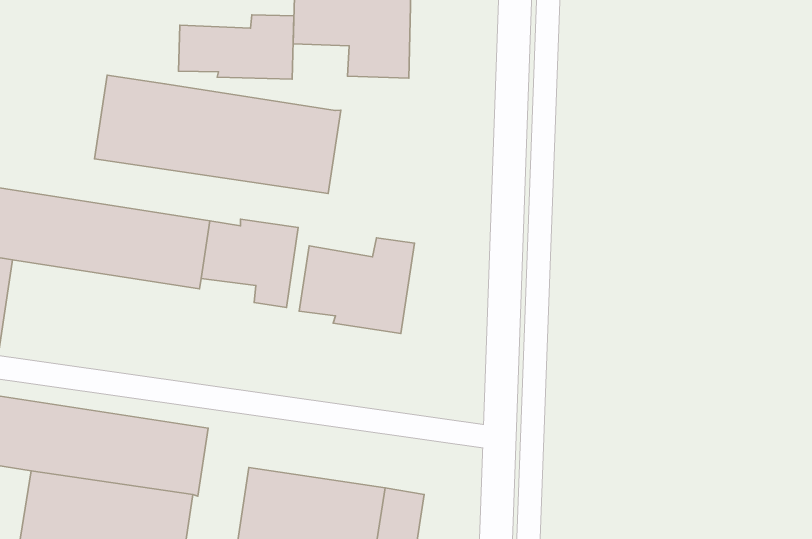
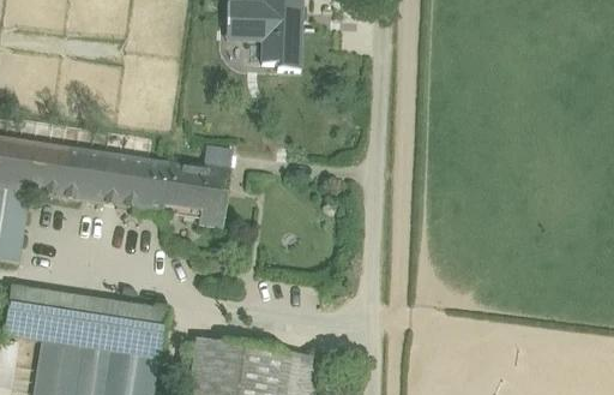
building: [179,15,294,79] -> none
building: [94,75,341,194] -> none
building: [299,238,414,334] -> none

